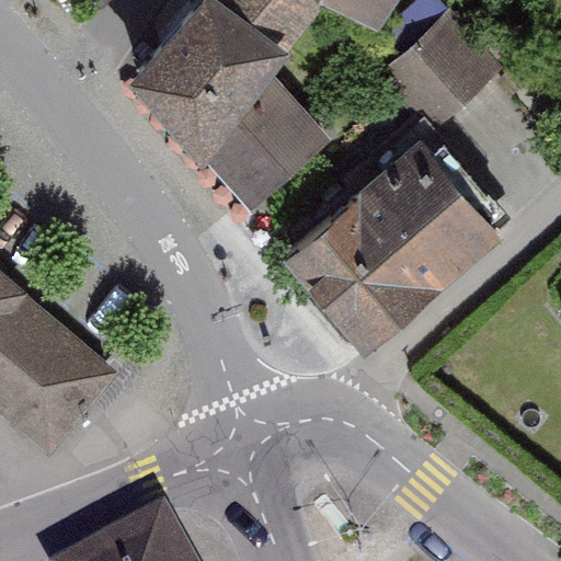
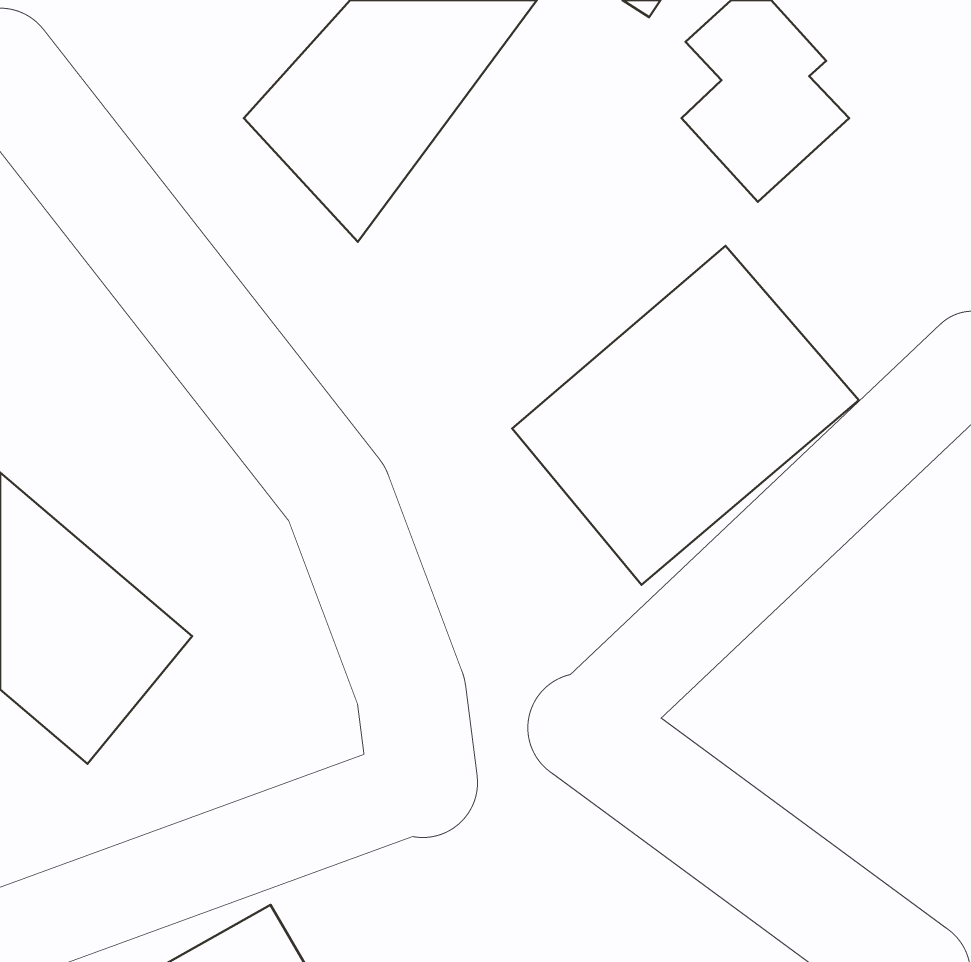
building: [207,70,329,204] -> none

